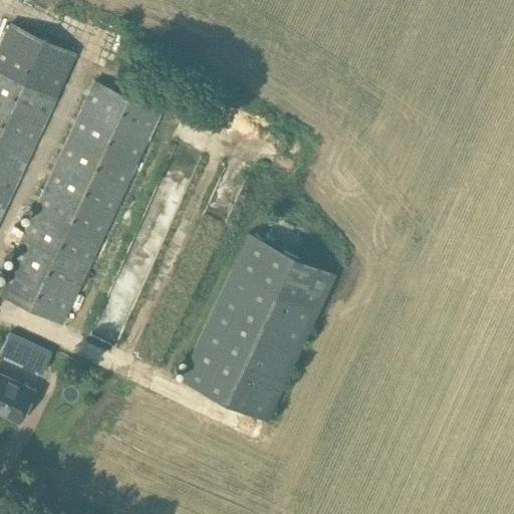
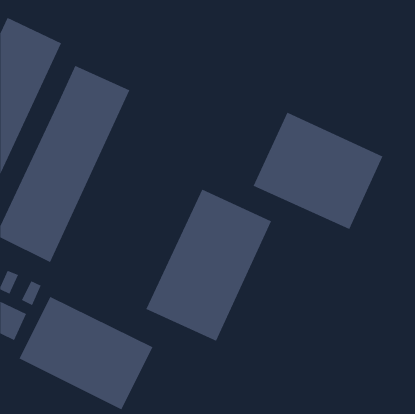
building: none -> [253,112,383,230]
building: none -> [19,296,153,410]

